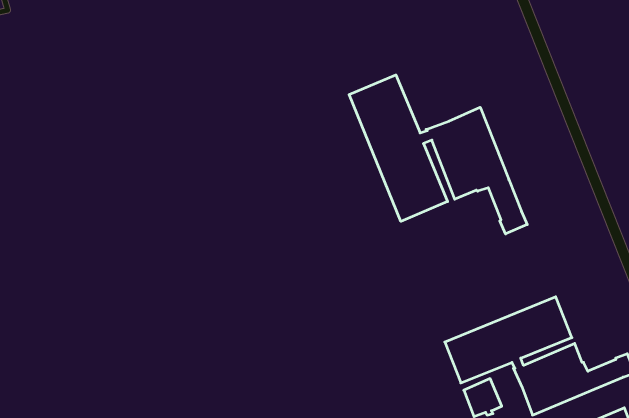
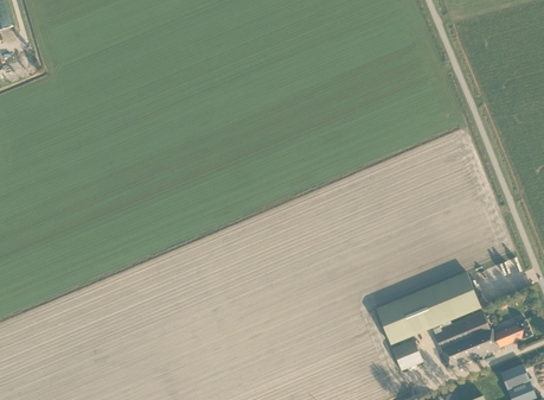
building: [349,75,527,234] -> none

